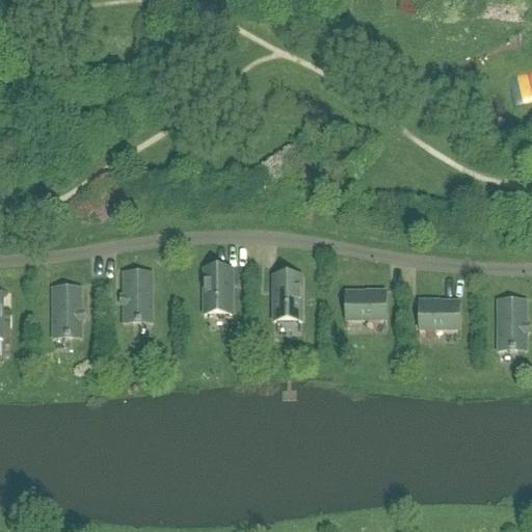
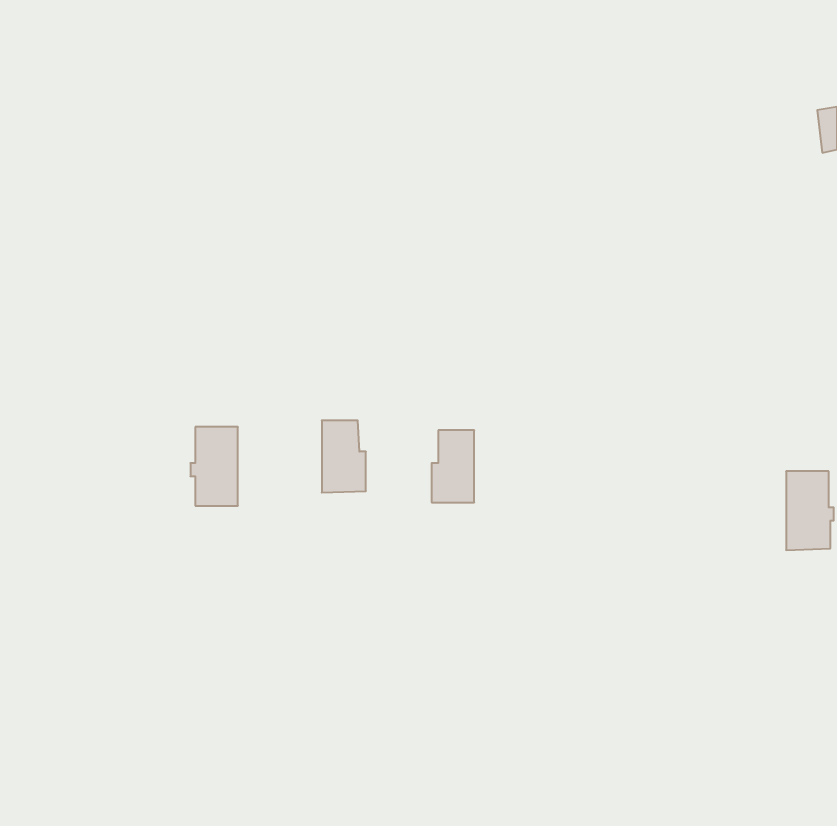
building: [53,285,83,335] -> none
building: [345,290,385,314] -> none
building: [419,299,458,324] -> none

